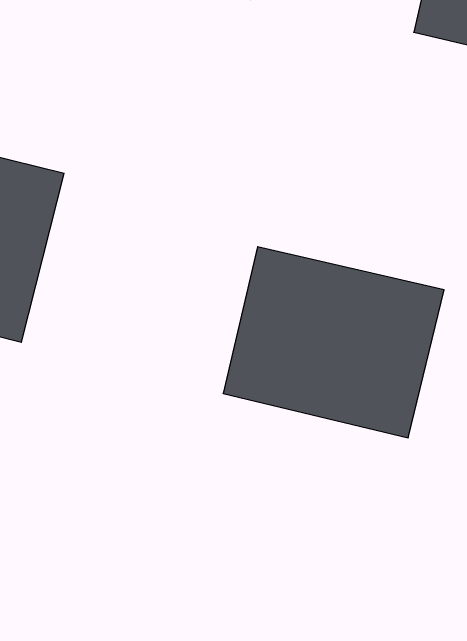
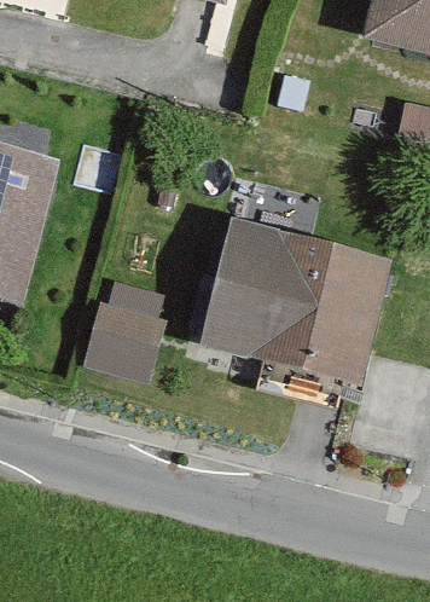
building: none -> [82,277,165,378]

